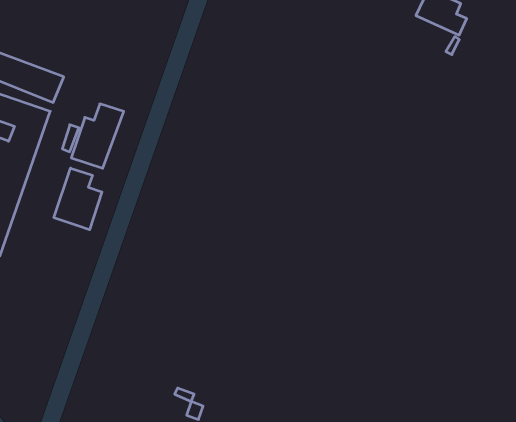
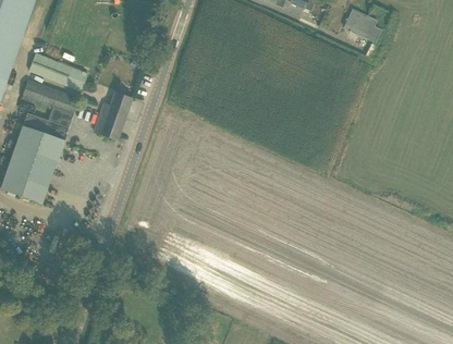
building: [54,168,102,230] -> none

